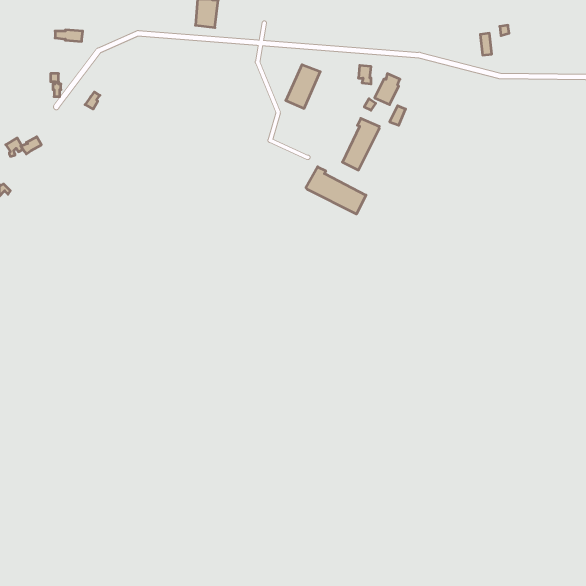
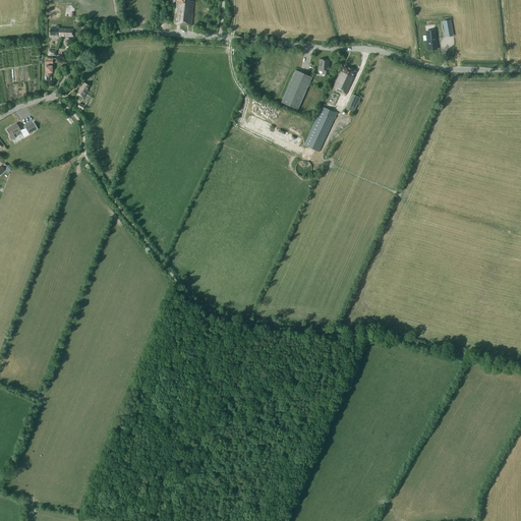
building: [286,65,320,108] -> [281,70,311,109]
building: [306,167,366,214] -> none

